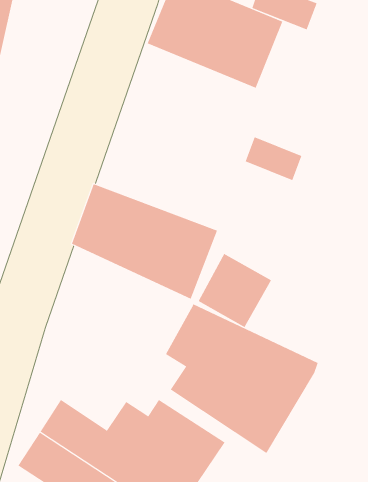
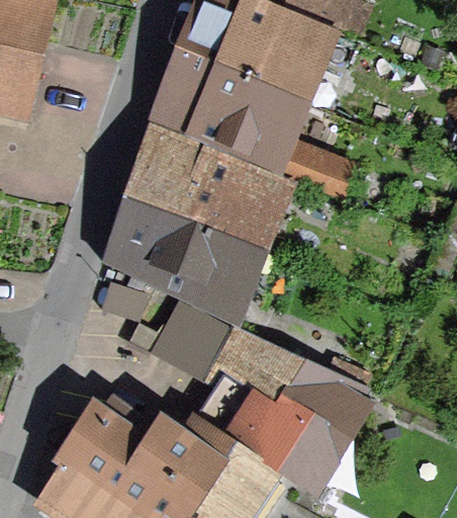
building: none -> [161,53,304,170]
building: none -> [132,127,290,250]
building: [198,253,272,328] -> [159,301,237,380]

